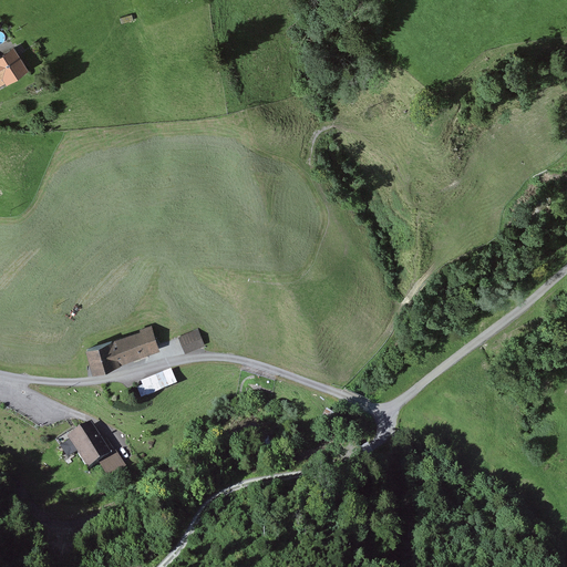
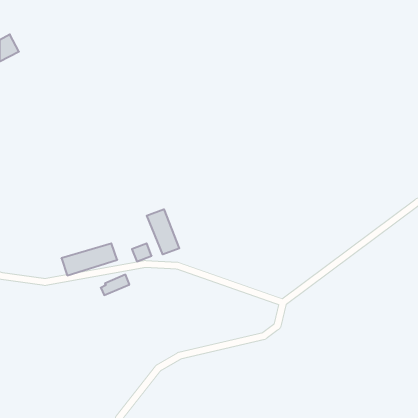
building: none -> [147,209,179,254]
building: [65,423,125,481] -> none

